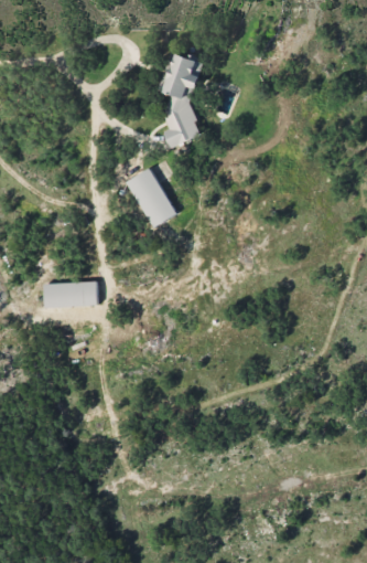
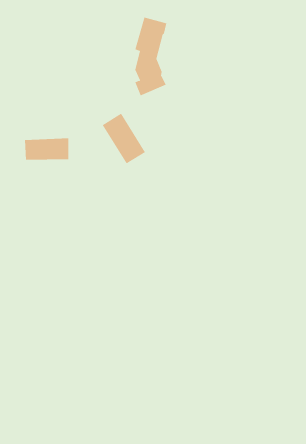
building: [43,282,96,308] -> [24,138,69,160]

